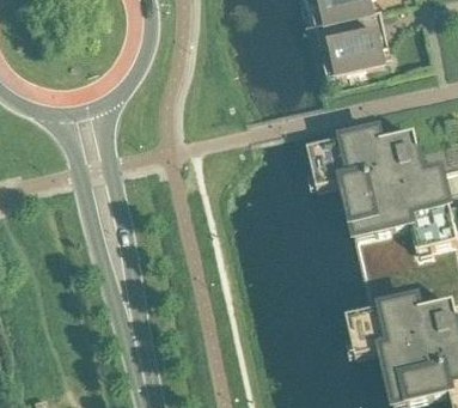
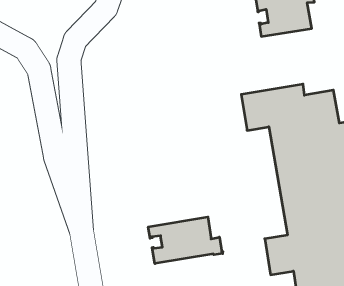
building: none -> [148,217,223,264]

